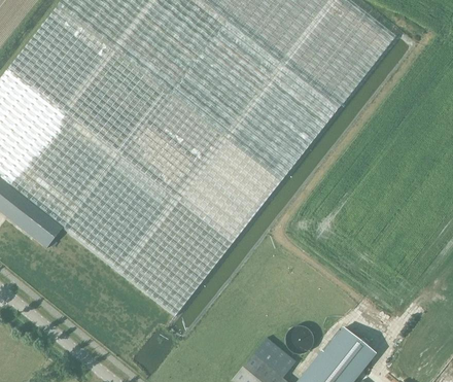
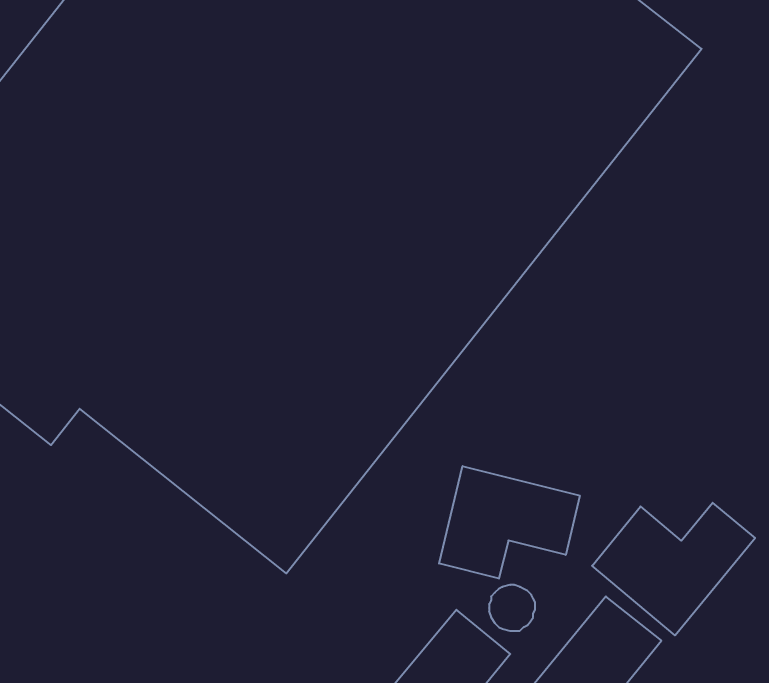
building: none -> [439,466,580,579]
building: none -> [592,503,755,635]

